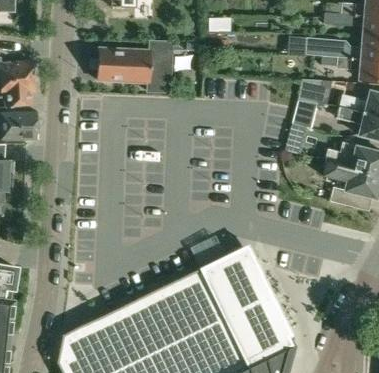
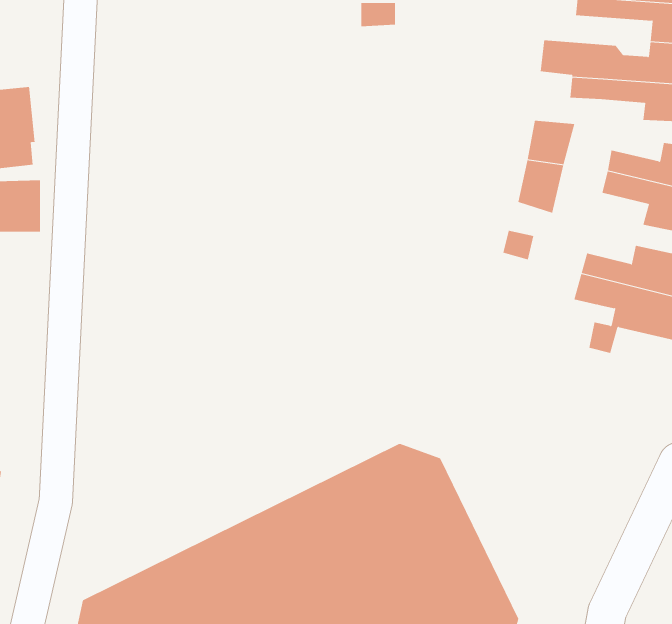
building: [91,41,174,92] -> none

